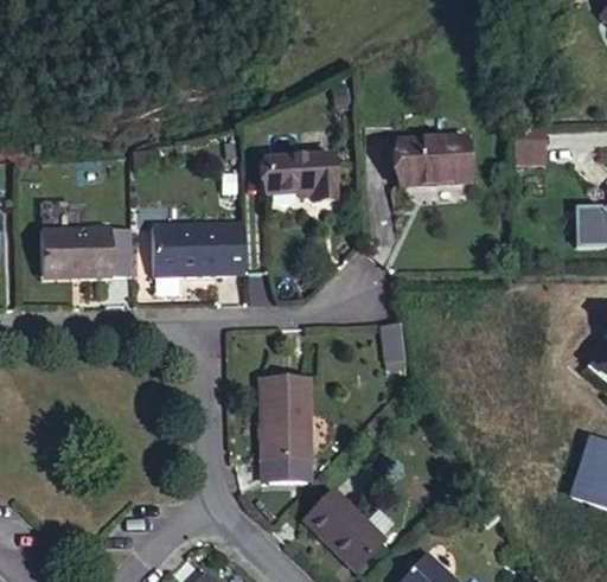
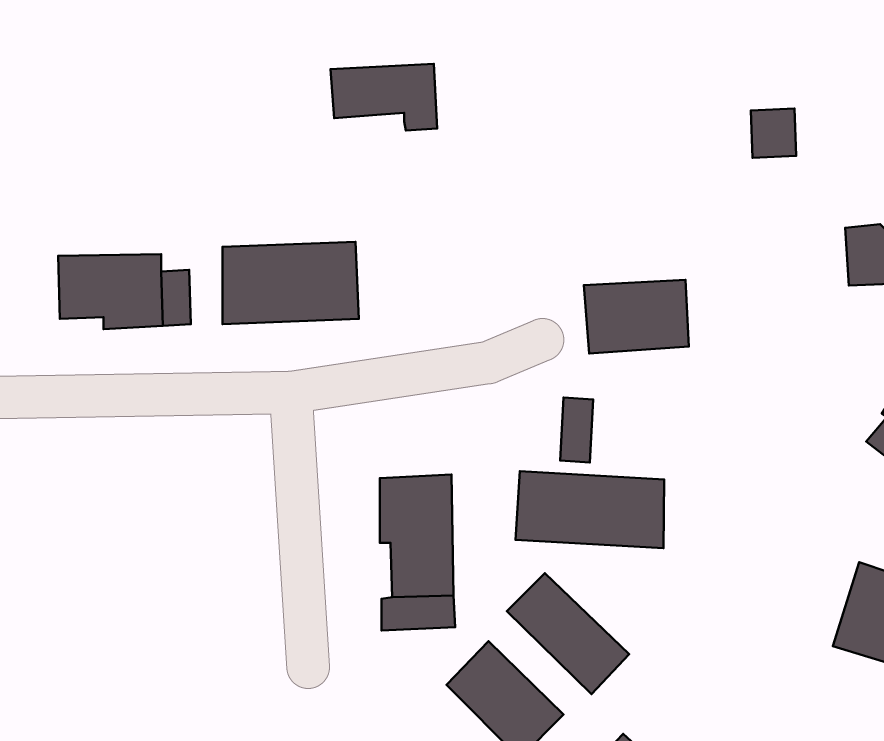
building: [397,137,468,187] -> [584,280,689,353]
building: [264,155,337,200] -> [331,64,437,130]
building: none -> [515,471,664,548]
building: none -> [507,573,629,694]

